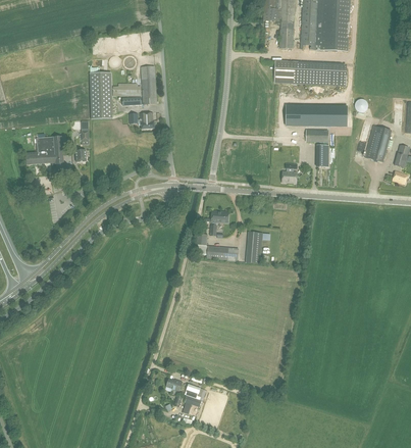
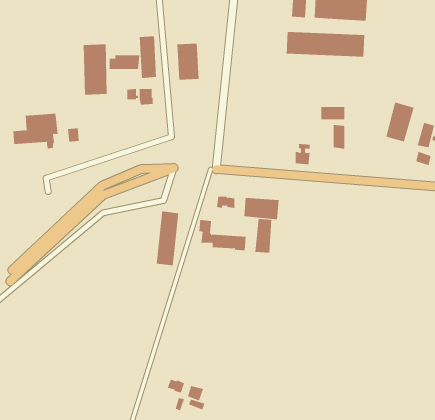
building: none -> [177,43,199,80]
building: [285,104,346,127] -> none
building: none -> [244,197,279,220]
building: none -> [156,211,179,266]

